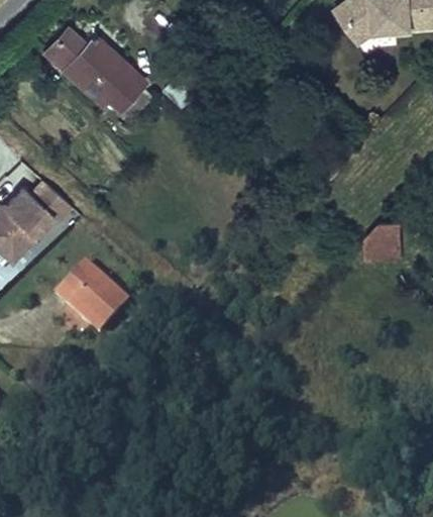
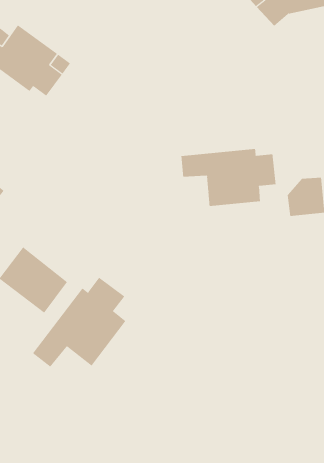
building: none -> [181,148,276,207]
building: none -> [32,277,126,368]

